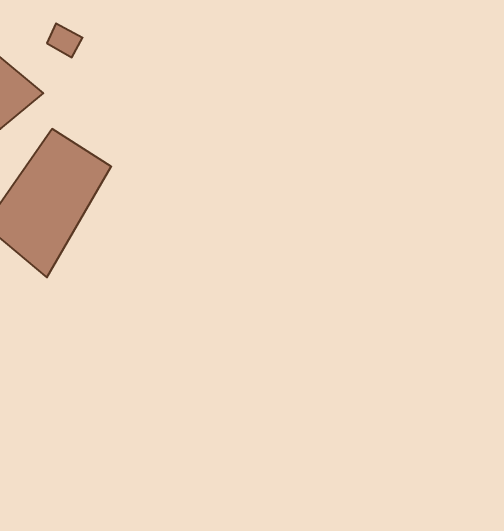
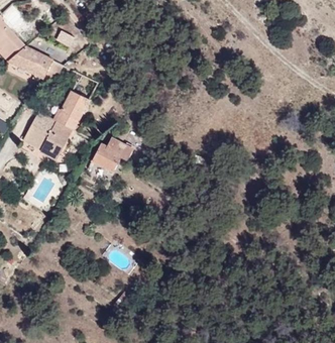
building: none -> [85,134,131,175]

